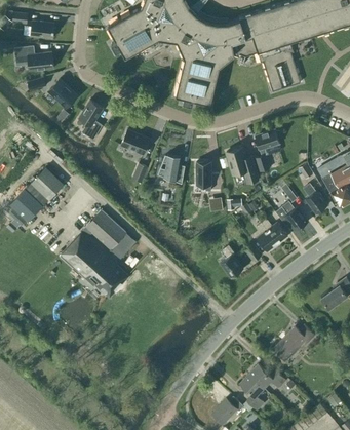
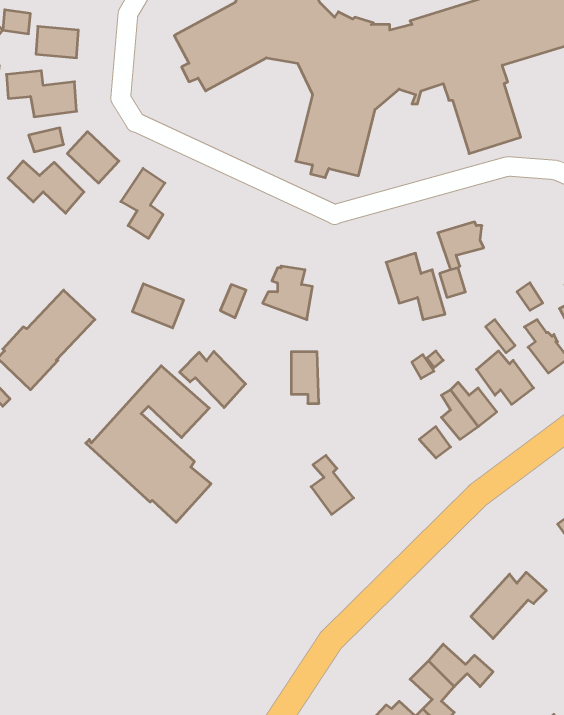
building: none -> [8,161,84,213]
building: [121,129,150,154] -> [132,284,184,328]
building: [196,162,211,191] -> [291,352,319,403]
building: none -> [180,351,246,408]
building: [220,245,243,278] -> [311,455,354,514]

